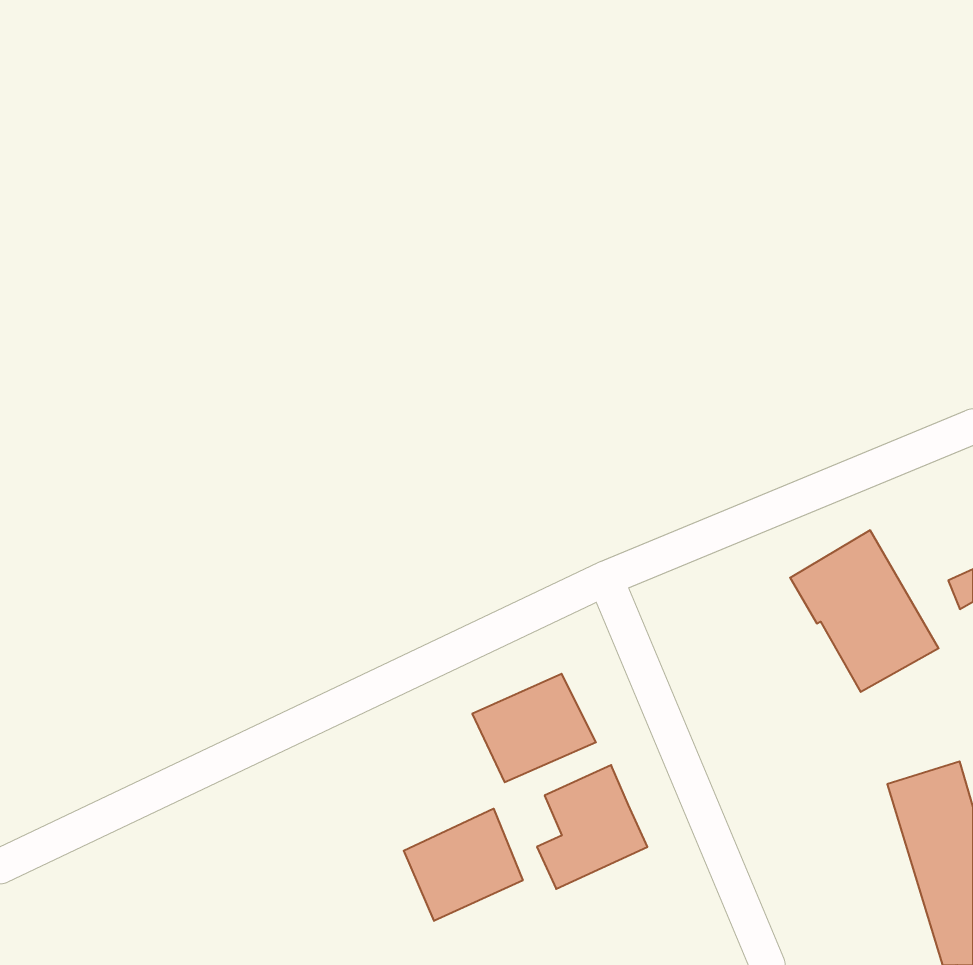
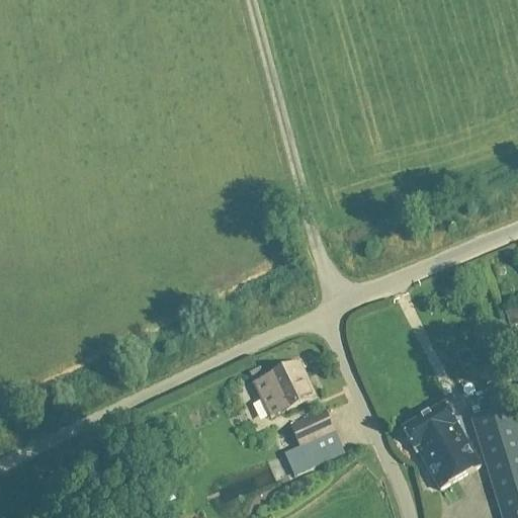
building: [790,530,939,692] -> [402,401,481,487]
building: [404,809,523,921] -> none

